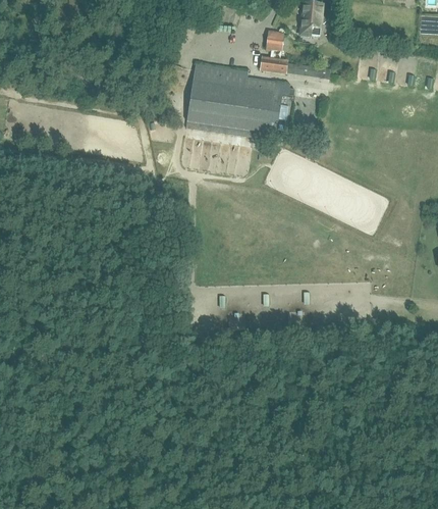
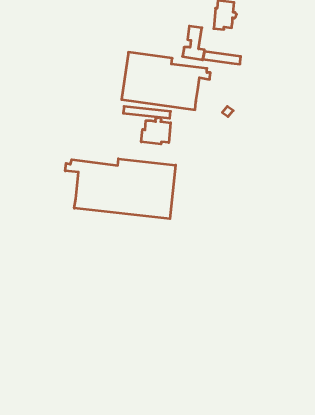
building: none -> [141,117,171,144]
building: none -> [65,159,176,219]

